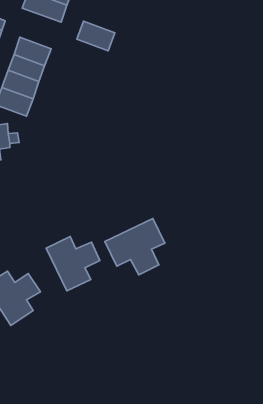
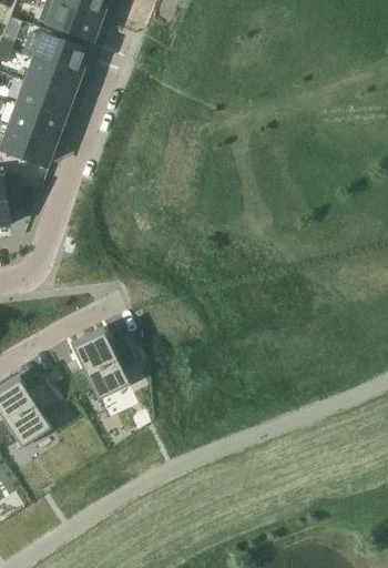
building: [77,21,115,51] -> [34,34,85,74]
building: [105,218,165,275] -> none

